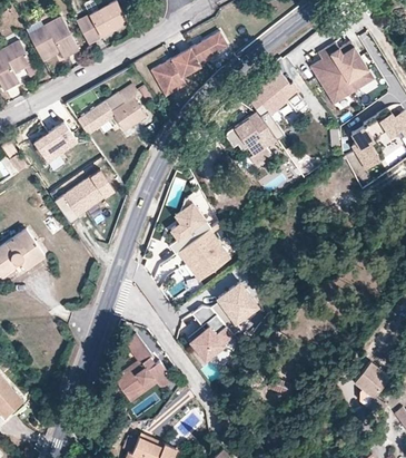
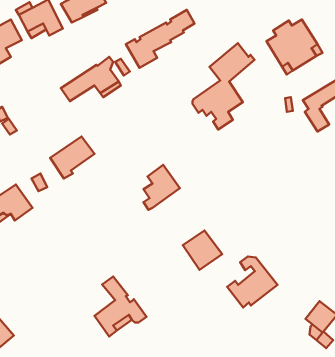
building: [33,120,77,160] -> none
building: [180,233,230,282] -> none
building: [179,308,236,366] -> [227,256,277,307]

